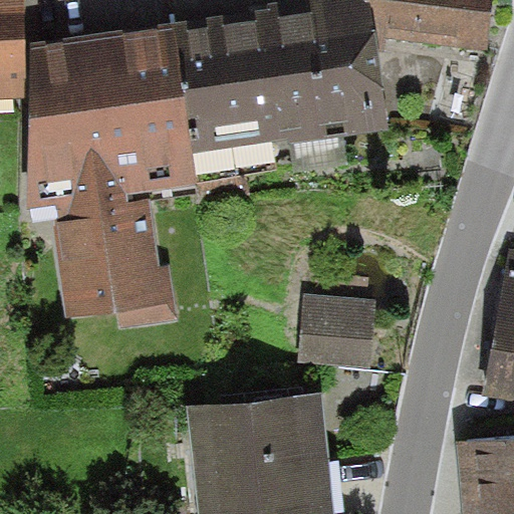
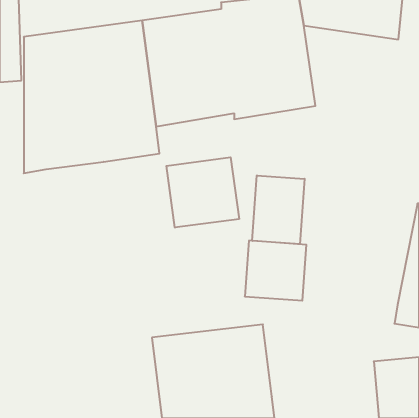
building: none -> [166,157,239,228]
building: [51,198,177,327] -> none
building: none -> [252,175,305,244]

